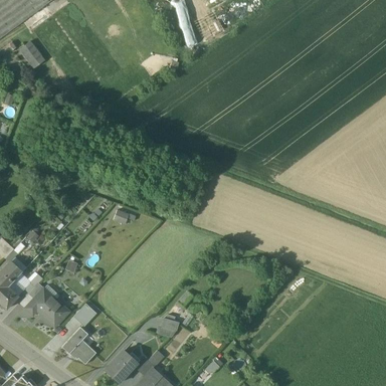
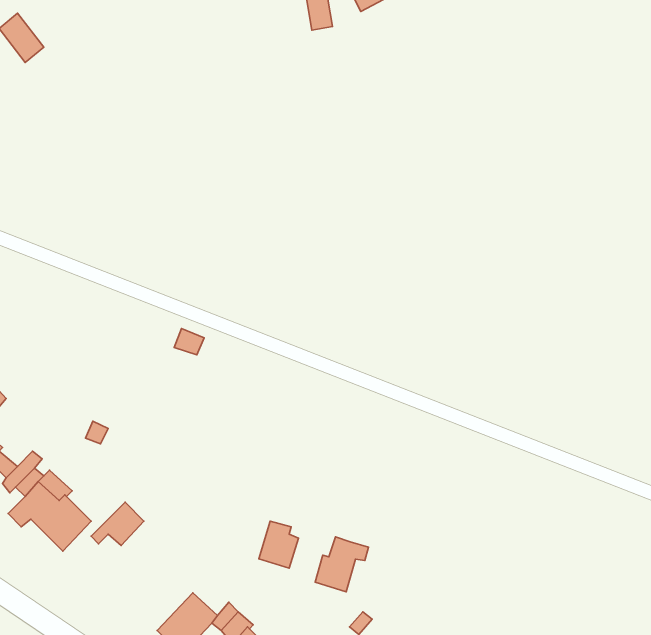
building: none -> [315,537,368,592]
building: [61,328,96,365] -> none

